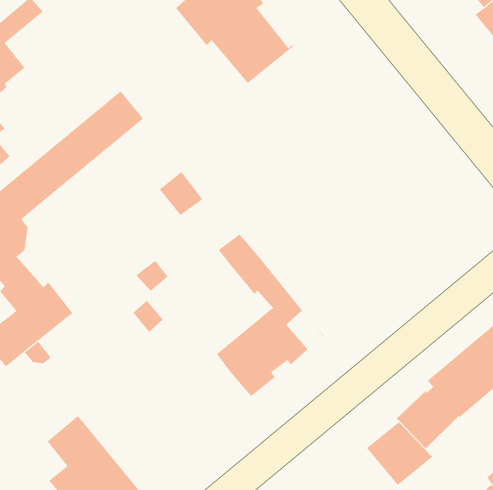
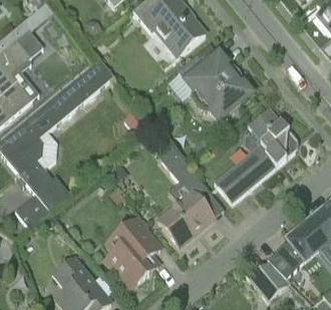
building: none -> [178,43,251,119]
building: none -> [214,106,296,203]
building: none -> [105,218,159,283]

